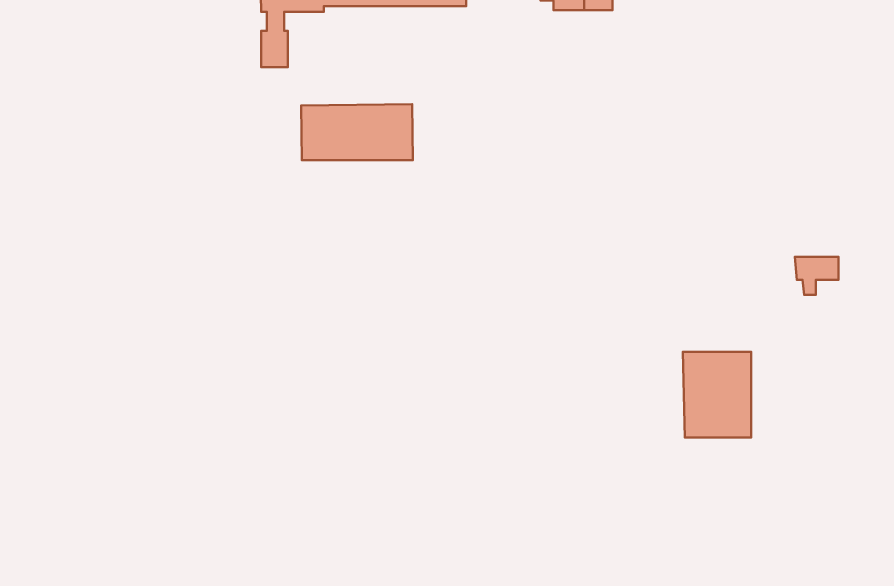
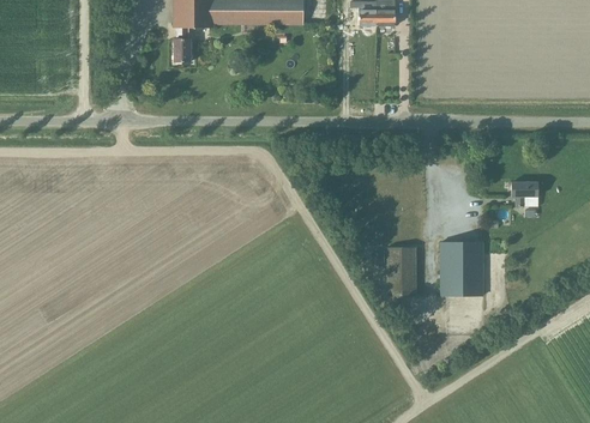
building: [301,104,413,160] -> none
building: none -> [387,246,417,295]

